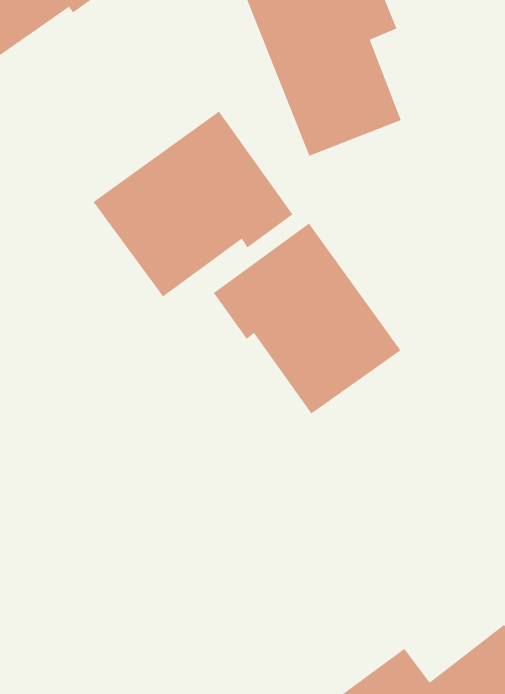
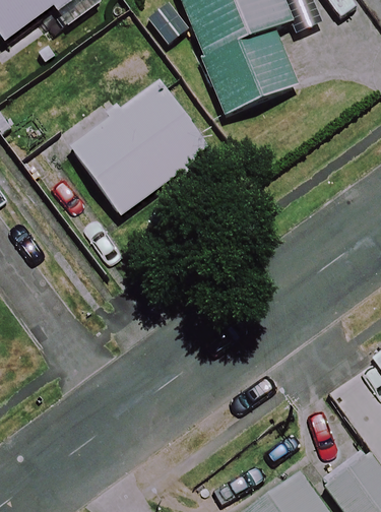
building: [213,222,401,414] -> none

